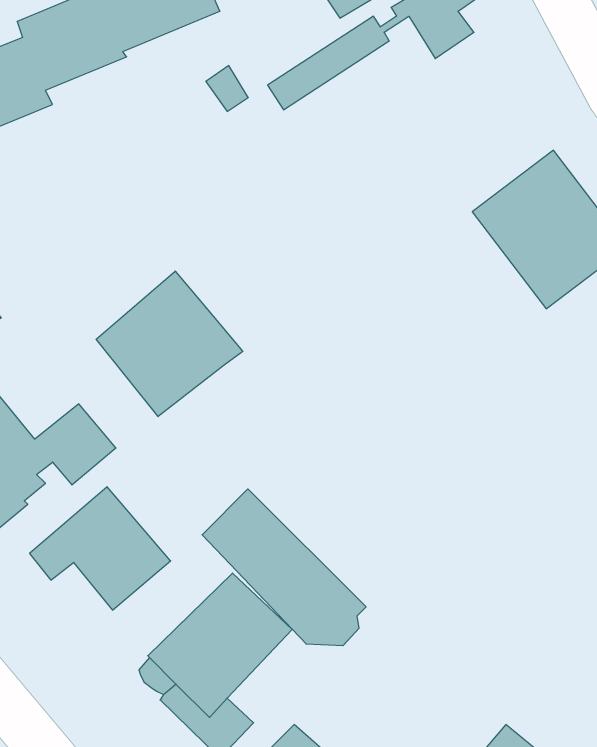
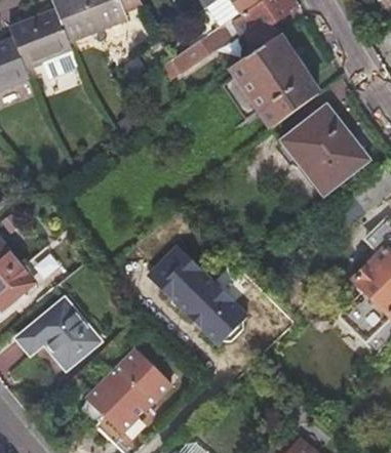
building: none -> [220,34,318,126]
building: [96,271,243,417] -> none
building: [202,489,366,646] -> [149,247,244,338]

